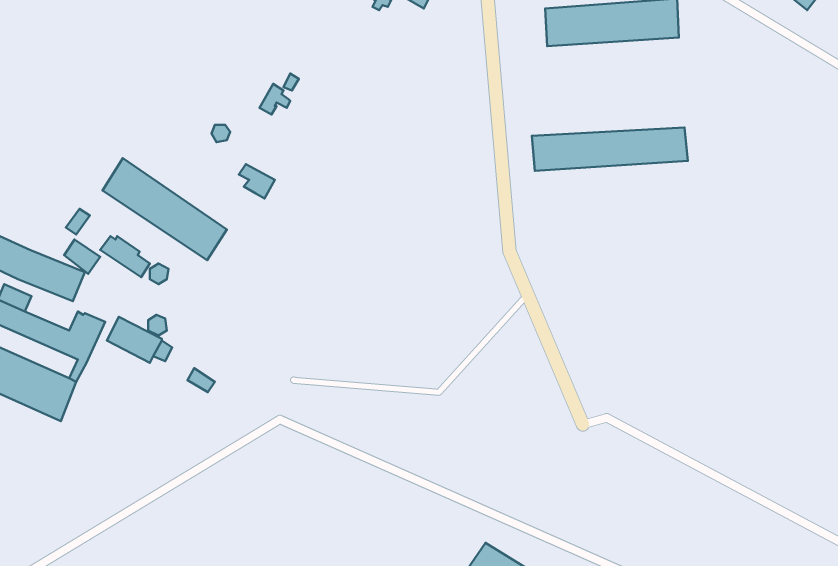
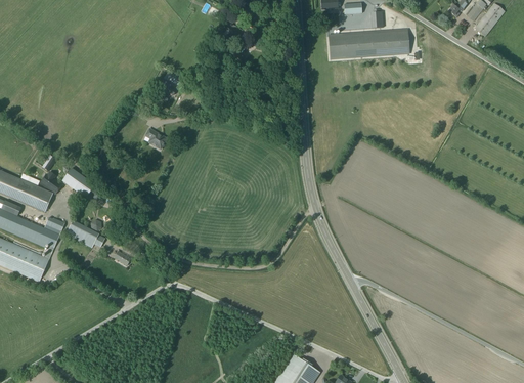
building: [532,128,688,171] -> none
building: [102,158,227,260] -> none

